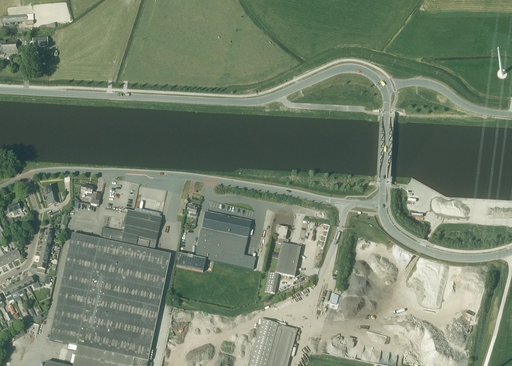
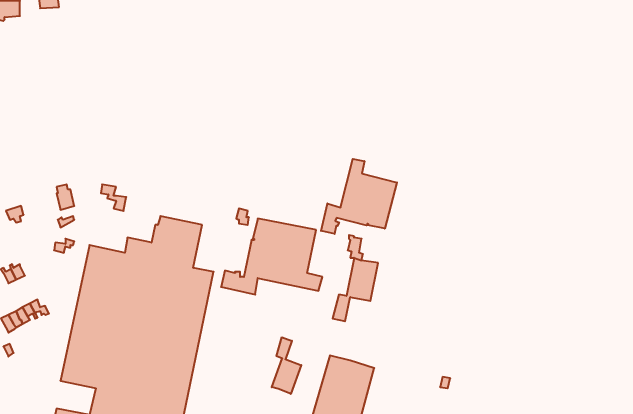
building: none -> [321,159,397,234]
building: none -> [272,337,301,394]

